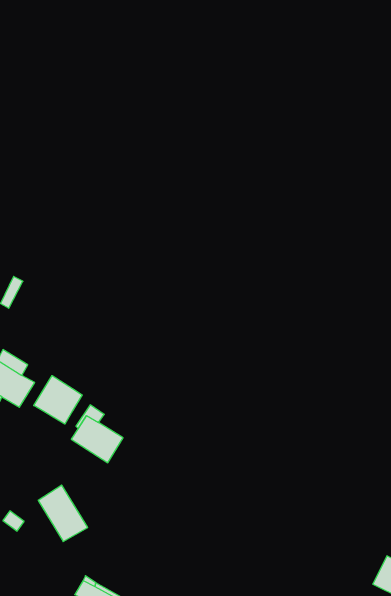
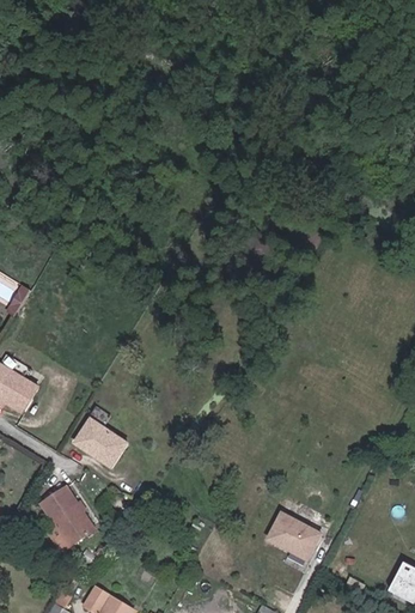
building: [34,376,82,424] -> none
building: none -> [266,509,318,554]

